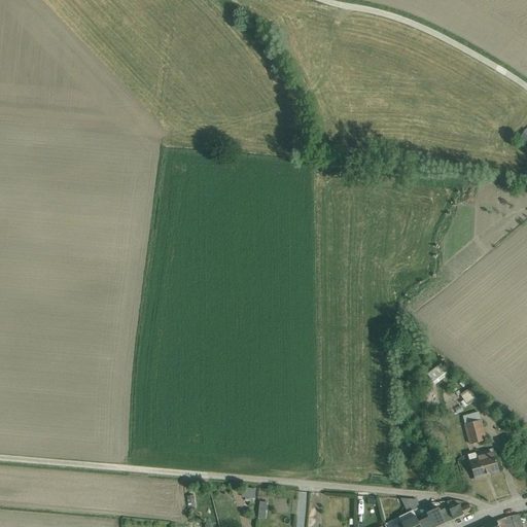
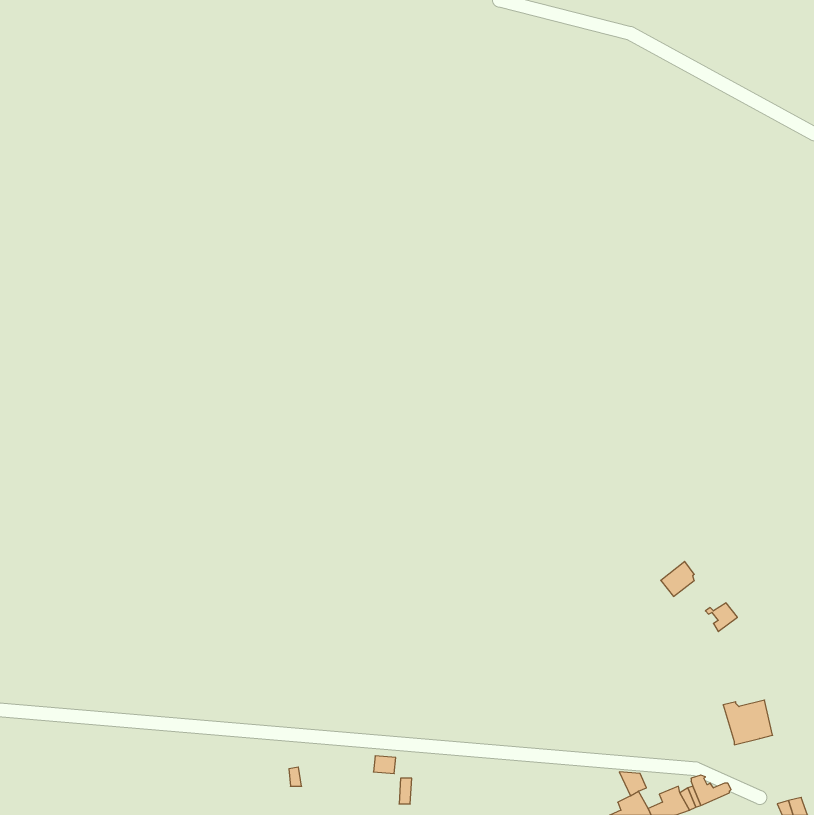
building: [462,412,486,445] -> none

